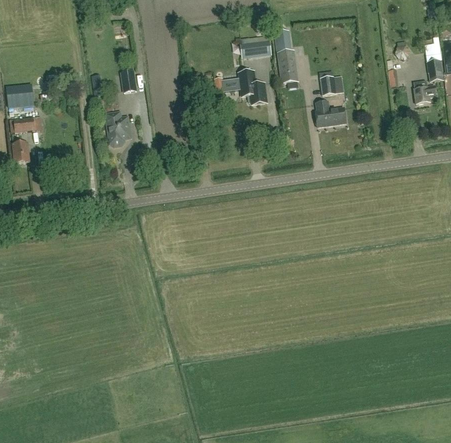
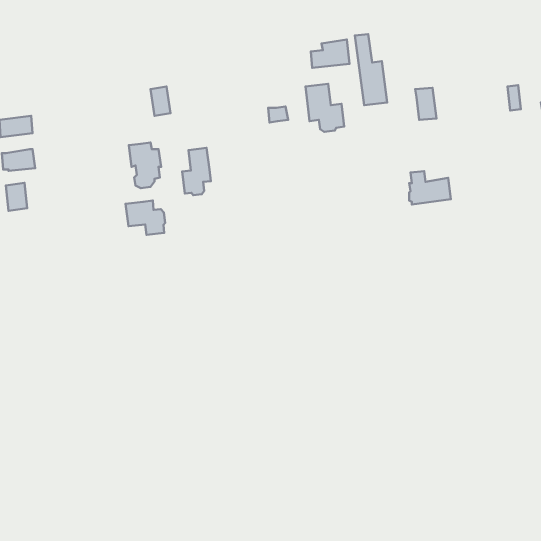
building: [316,103,347,128] -> [409,171,451,205]
building: none -> [182,148,211,195]
building: none -> [126,200,165,235]

